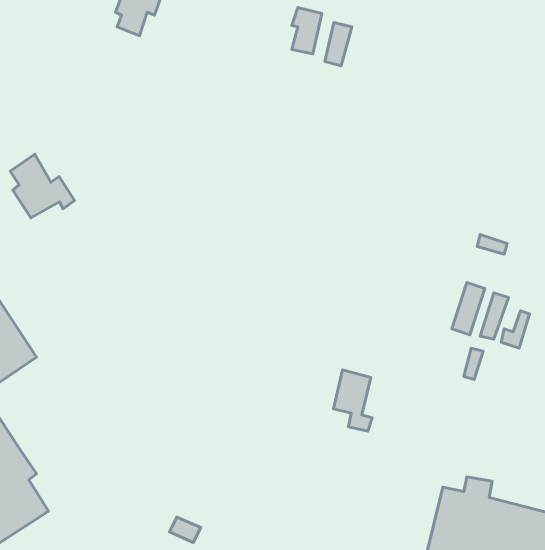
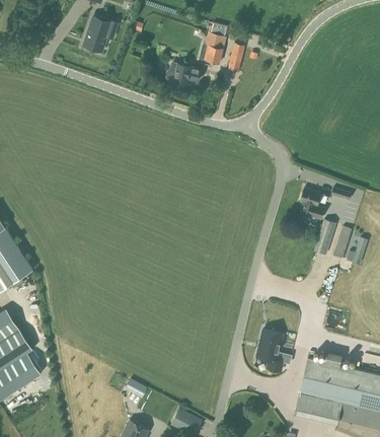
building: none -> [167,63,201,88]
building: [10,154,75,218] -> none
building: none -> [300,189,324,218]
building: [333,370,372,431] -> [257,330,284,371]

